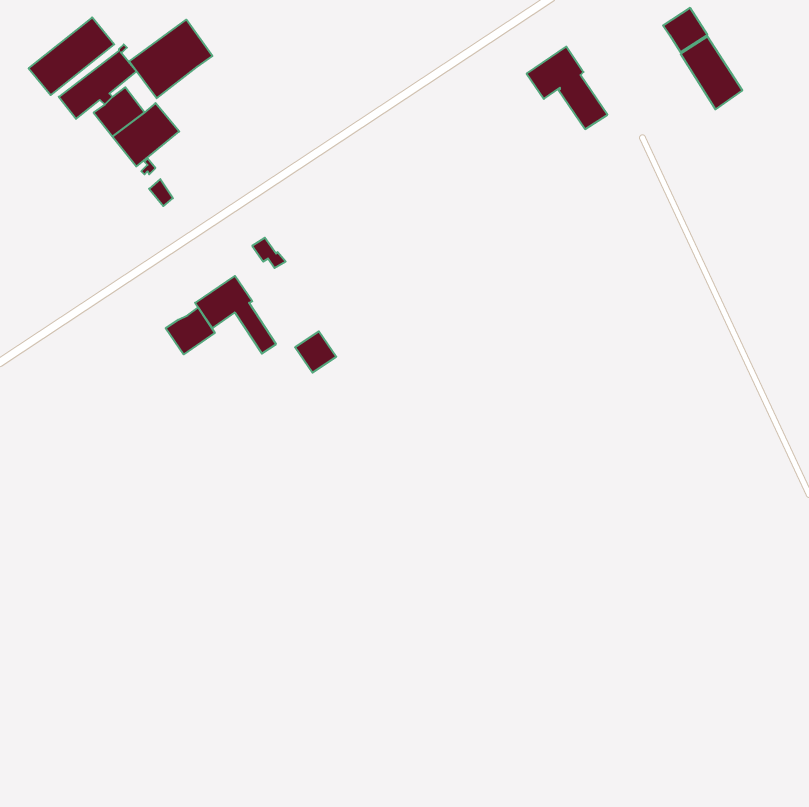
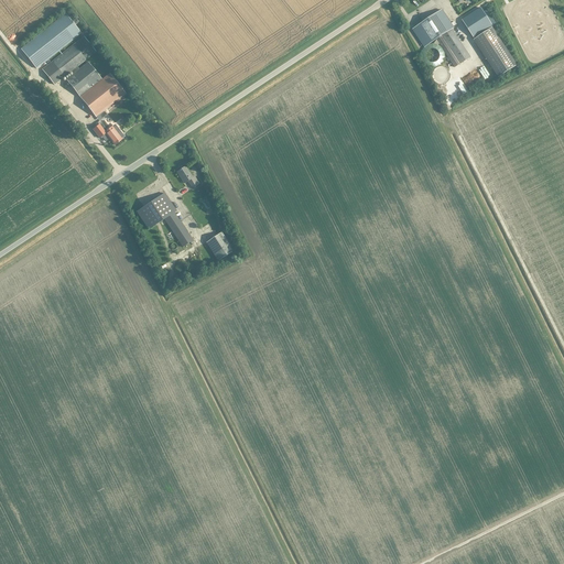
building: [129,20,212,98] -> none
building: [527,47,607,129] -> [413,8,469,65]
building: [166,307,215,354] -> none

